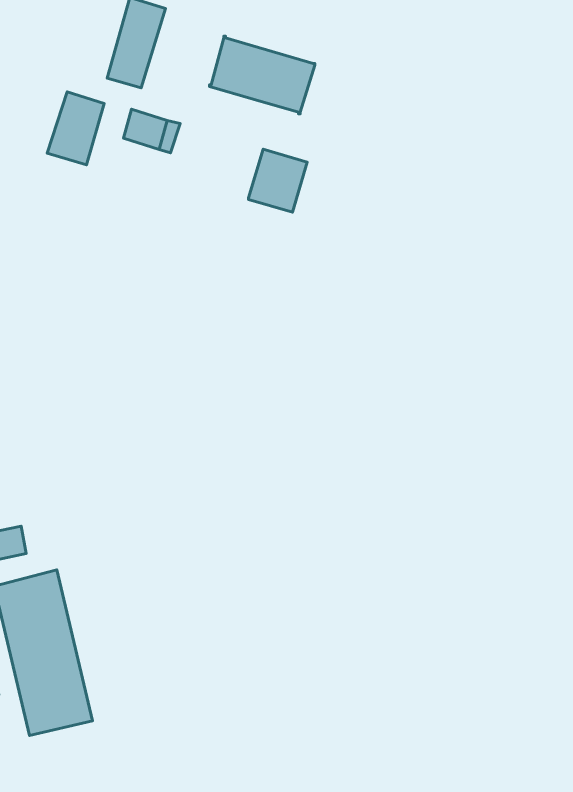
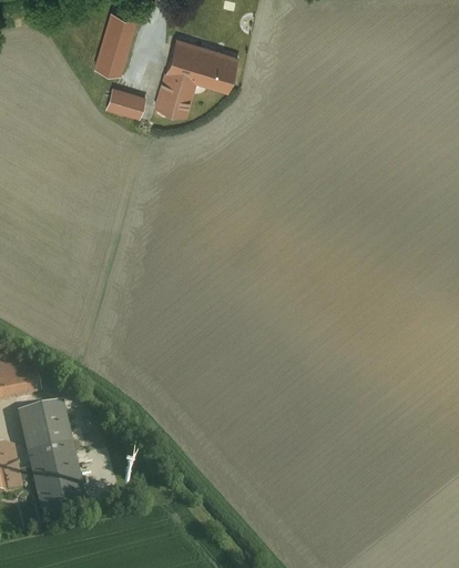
building: [47,92,104,165] -> none
building: [249,149,307,212] -> [156,70,196,113]

